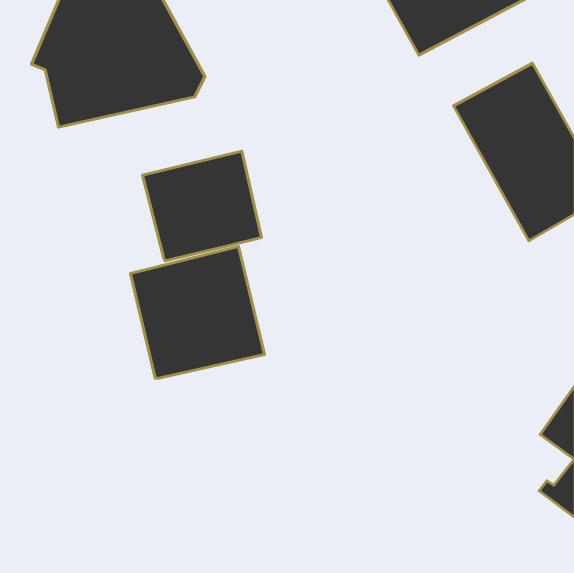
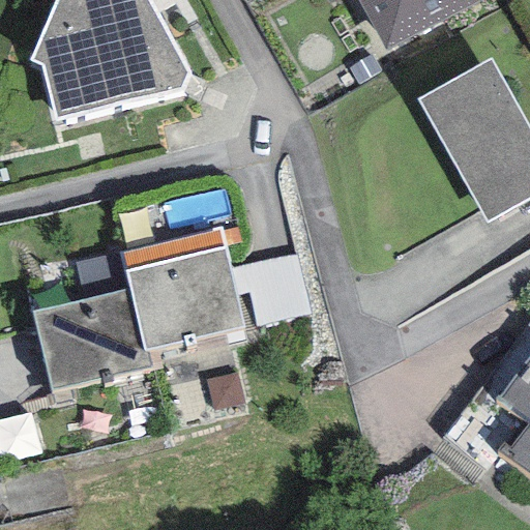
building: [142,151,262,261] -> none
building: none -> [33,287,151,389]

